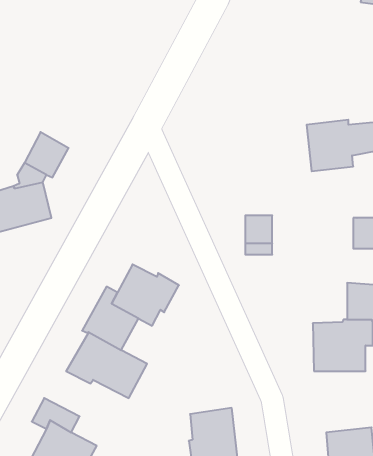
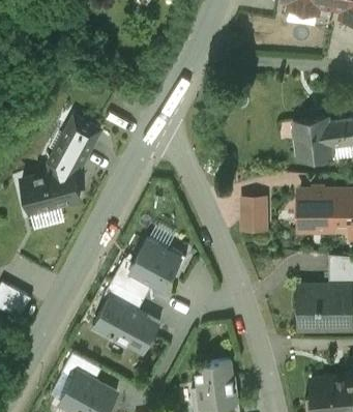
building: none -> [299,192,336,232]

